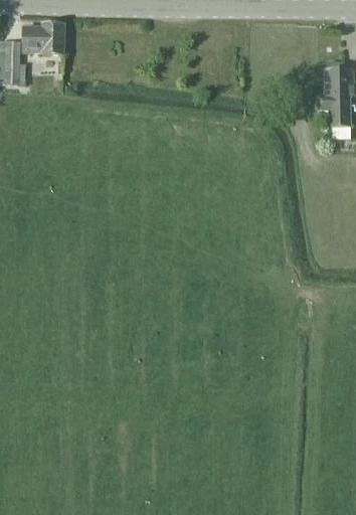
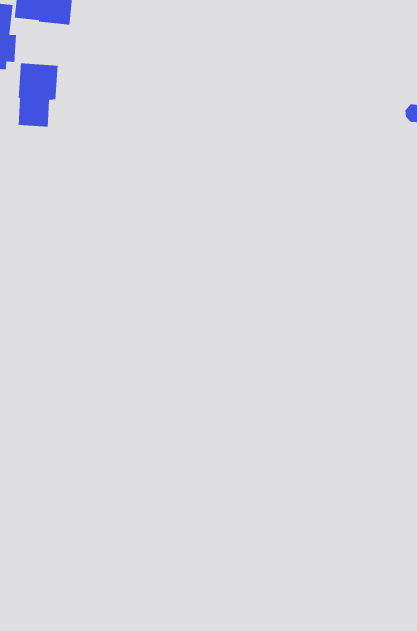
building: none -> [18,62,58,127]

